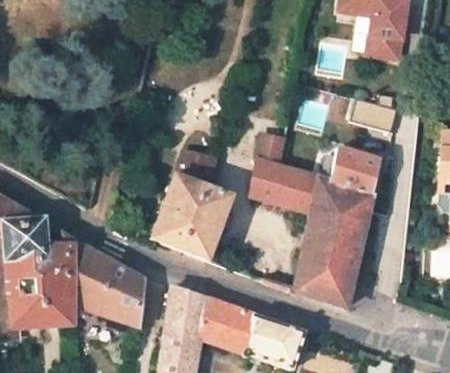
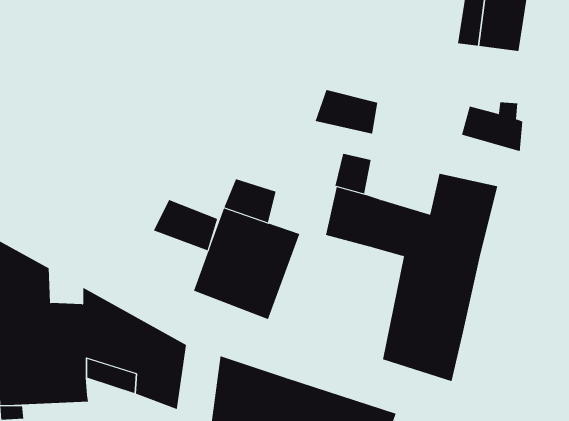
building: none -> [315,89,378,134]
building: none -> [153,199,218,251]

